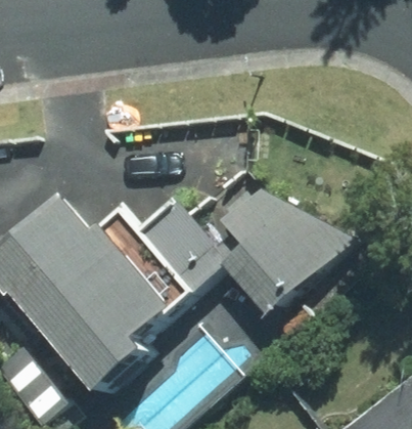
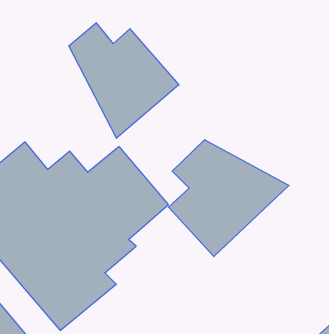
building: none -> [69,23,179,138]

